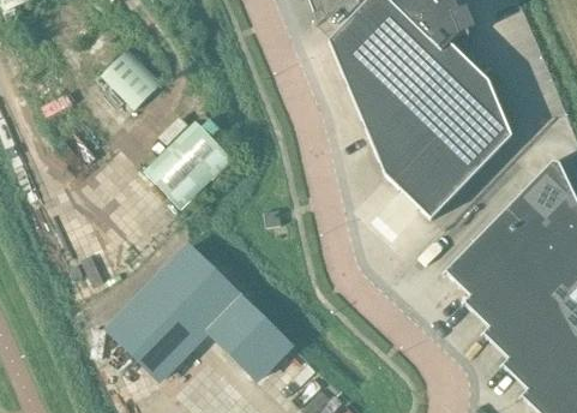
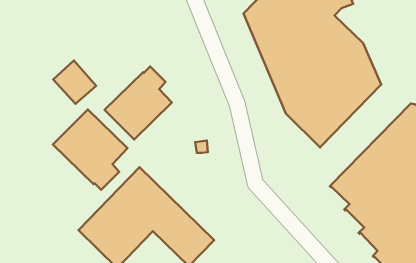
building: [102,47,160,104] -> [53,61,96,104]
building: none -> [53,109,128,190]

